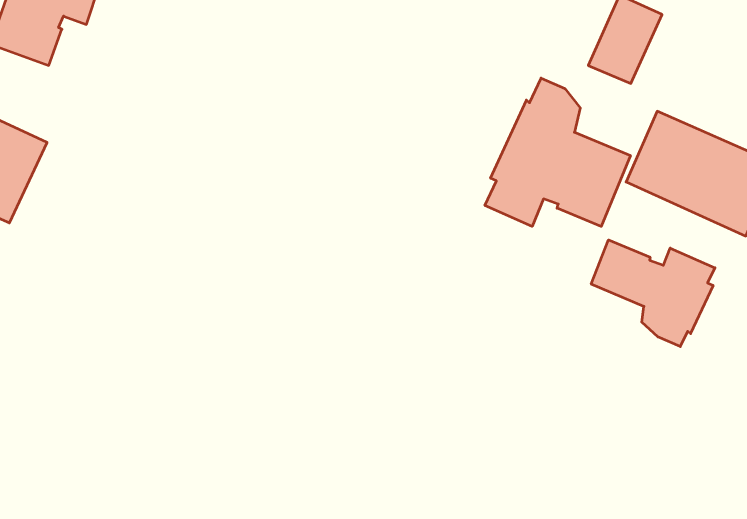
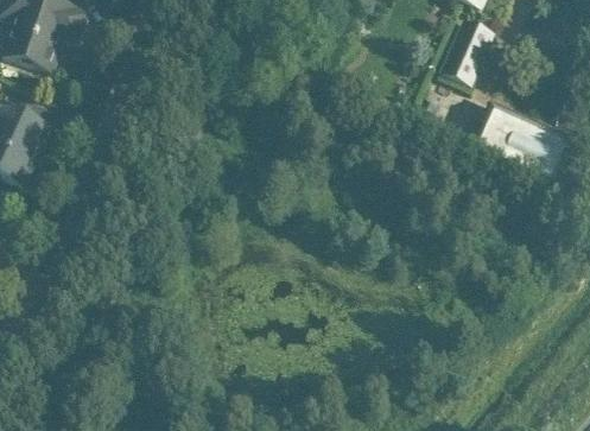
building: [485,78,630,226] -> none
building: [591,240,715,347] -> none

